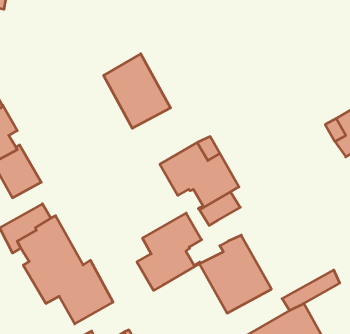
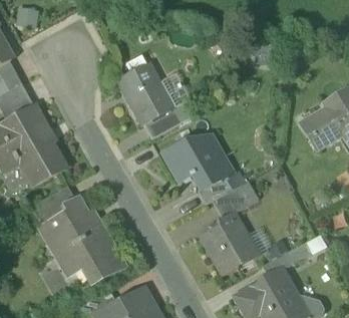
building: none -> [142,106,182,137]
building: none -> [214,186,250,218]
building: [137,213,202,290] -> none

